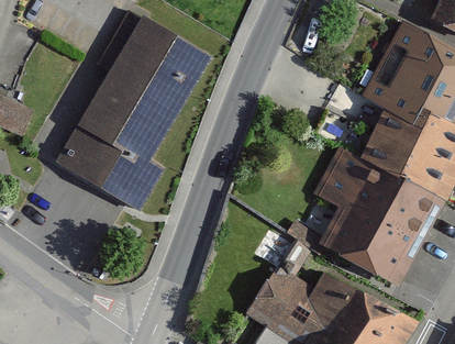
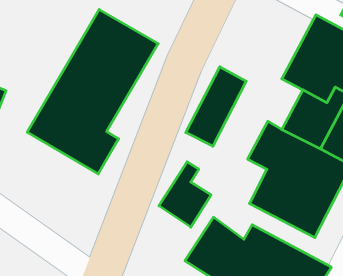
building: none -> [186,67,246,146]
building: none -> [159,162,211,227]

